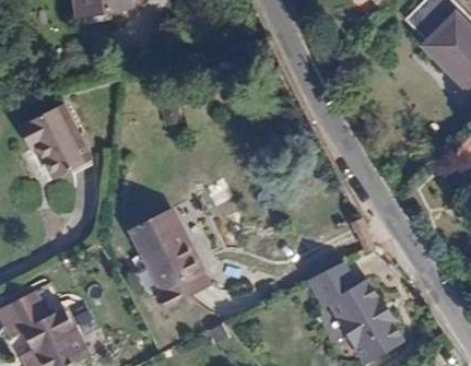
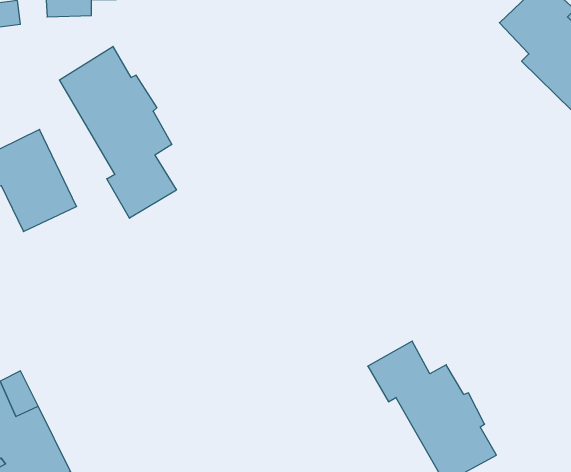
building: none -> [59,46,176,218]
building: [129,208,199,291] -> none

